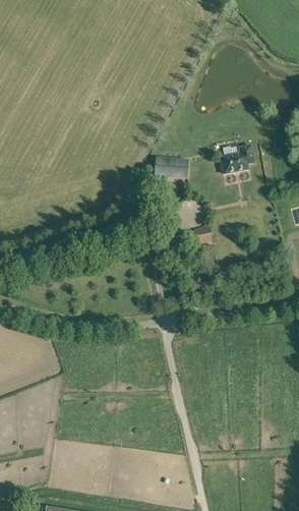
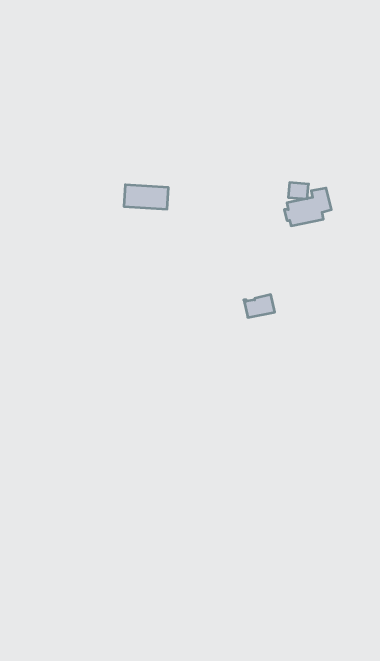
building: [155,159,188,177] -> [124,185,168,209]

